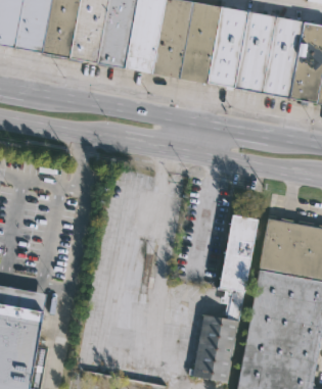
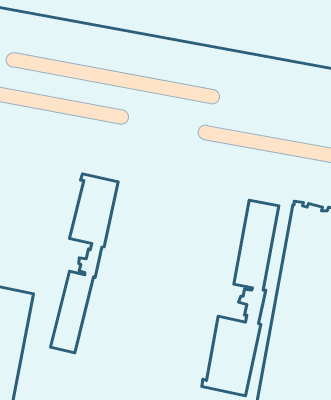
building: none -> [51,174,118,353]

